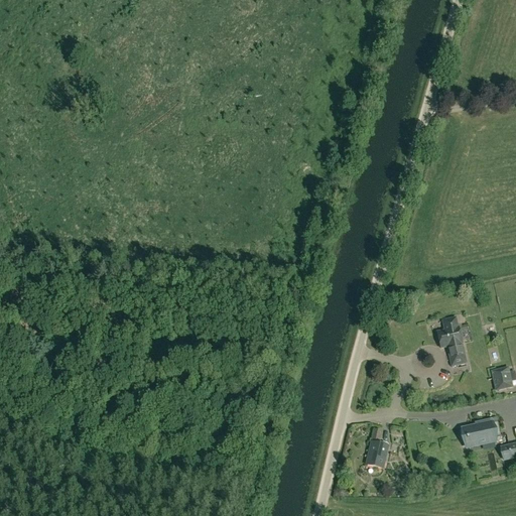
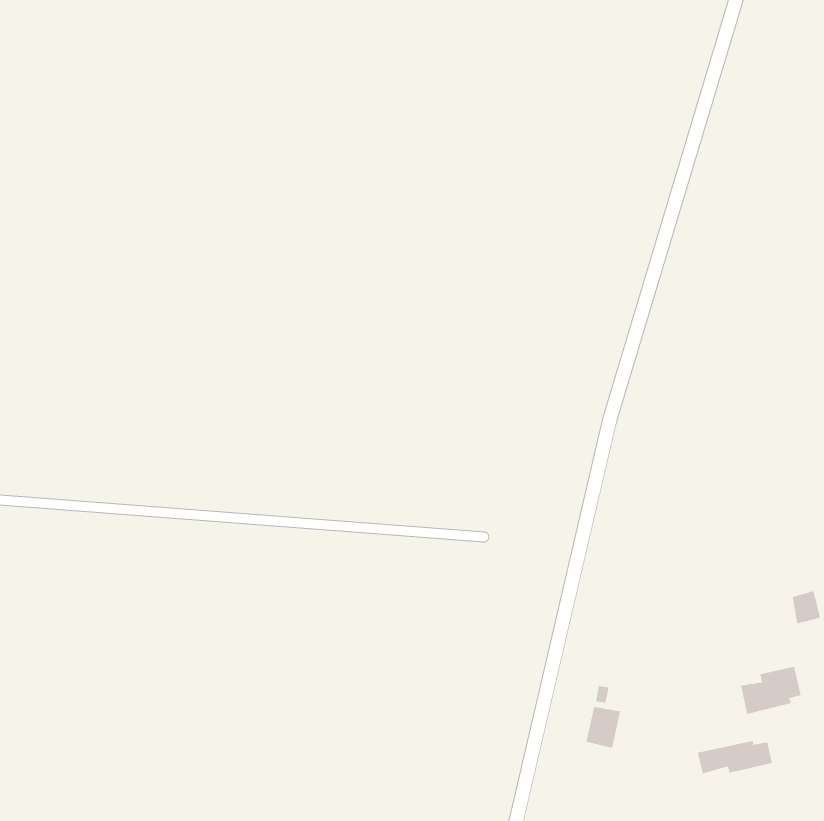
building: [436,316,466,365] -> none
building: none -> [697,740,773,774]

